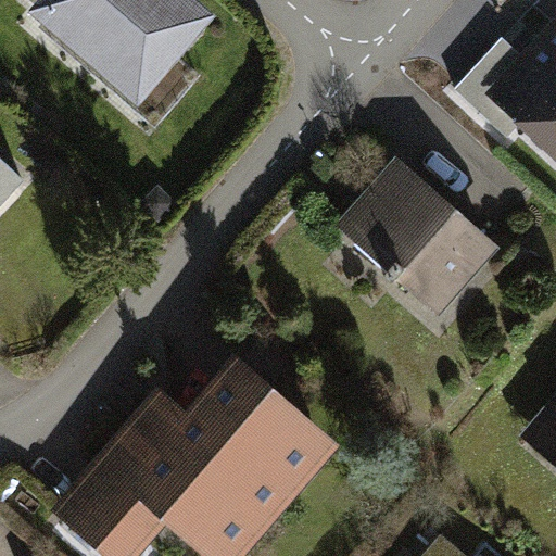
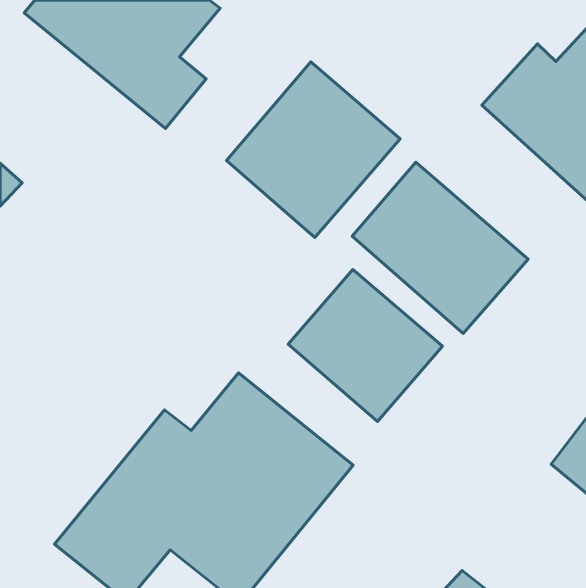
building: none -> [227,62,400,237]
building: none -> [288,270,442,422]

